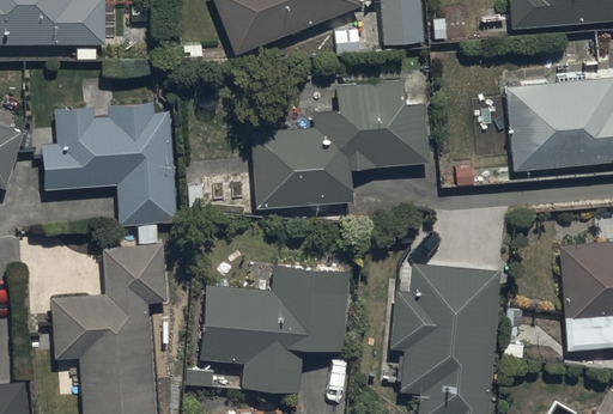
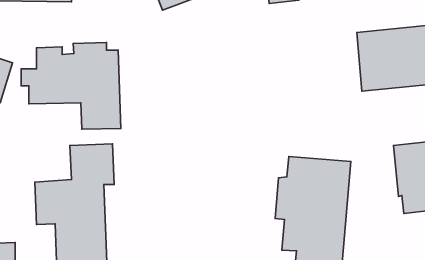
building: [251,80,427,209] -> none
building: [201,263,347,394] -> none

